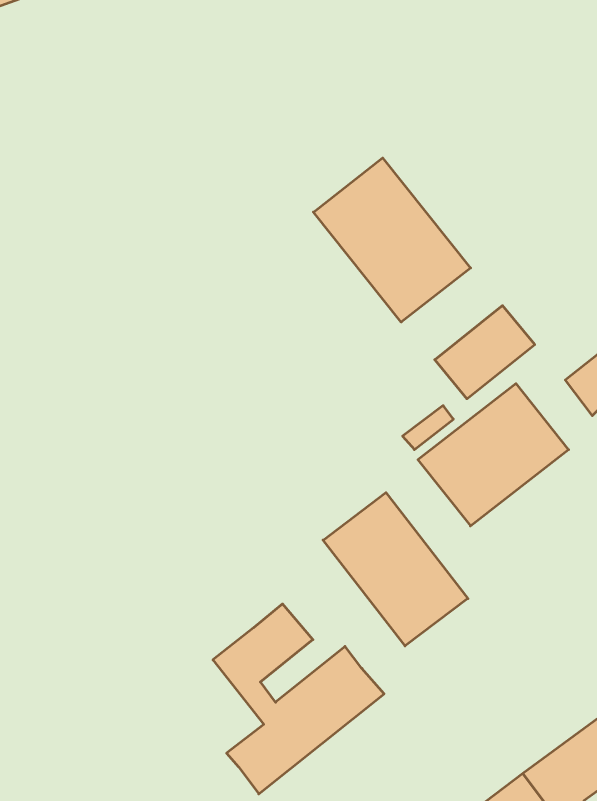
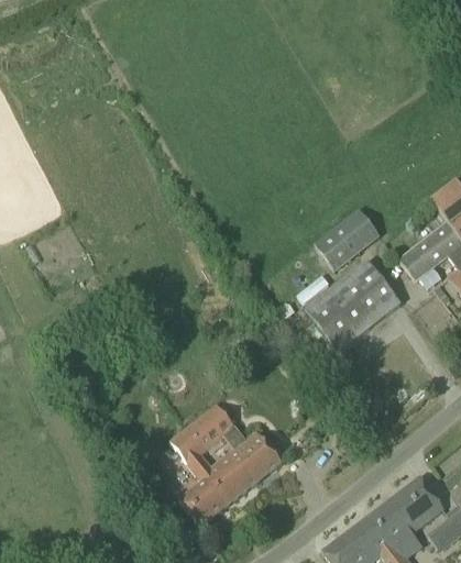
building: [313,158,471,322] -> none
building: [323,493,468,646] -> none

